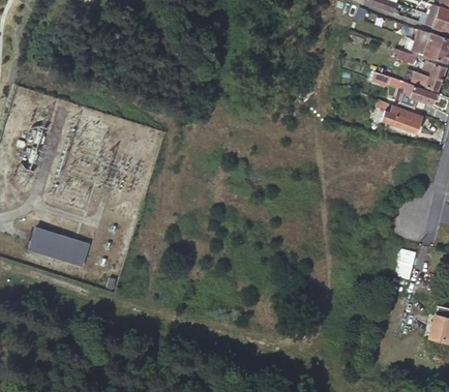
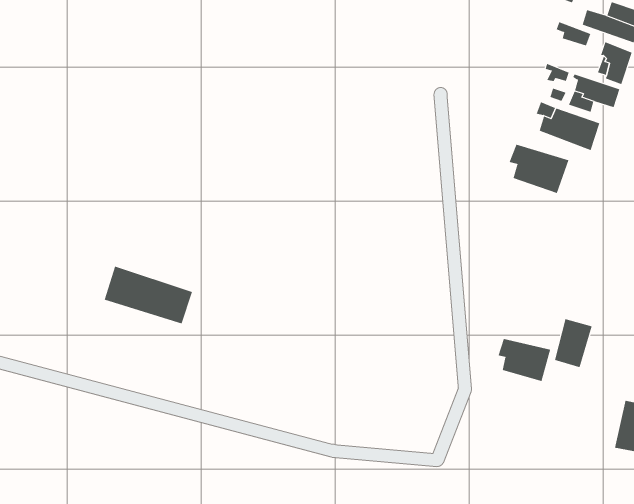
building: none -> [509,144,569,194]
building: [27,228,87,267] -> [104,266,193,324]
building: none -> [498,338,551,382]

